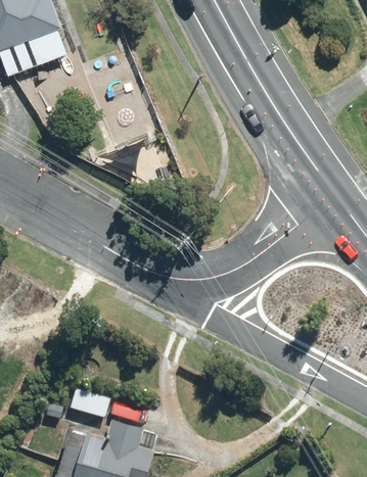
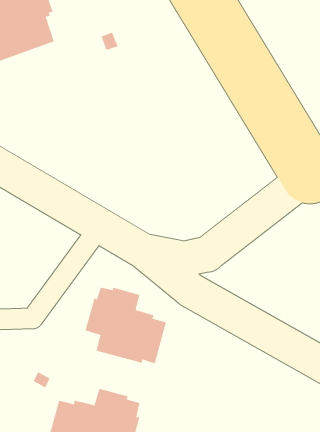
building: none -> [85,287,167,364]

